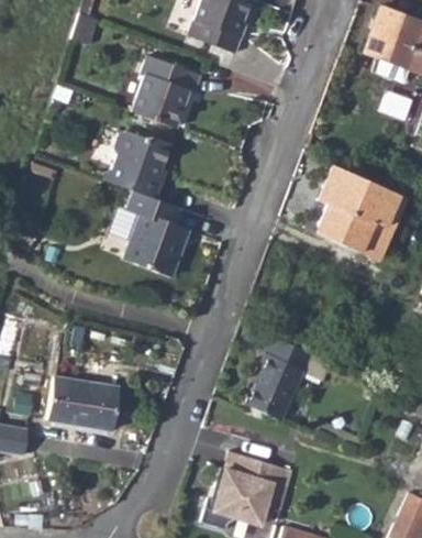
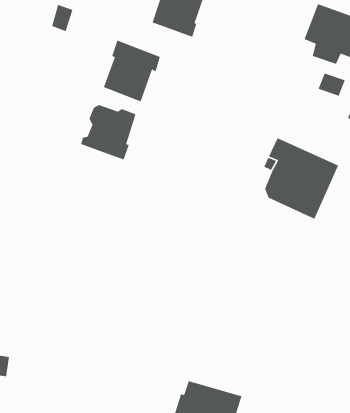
building: [126,187,192,273] -> none
building: [251,337,315,421] -> none
building: [41,372,113,424] -> none

